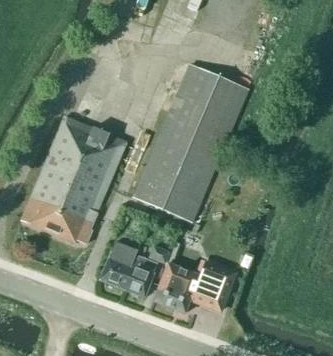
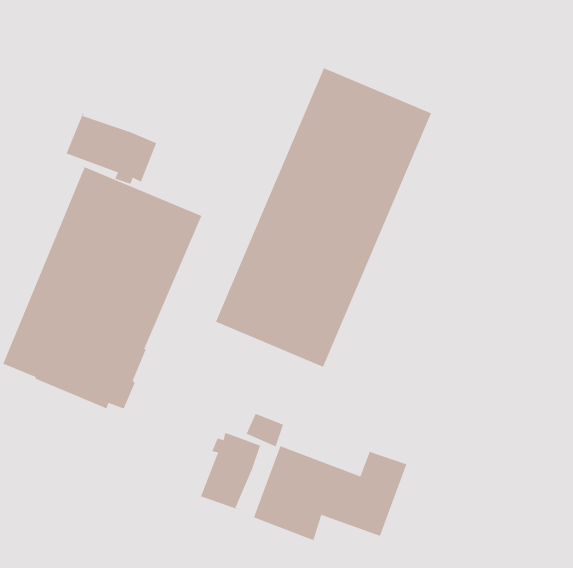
building: none -> [66,113,157,184]
building: [100,241,138,289] -> none

